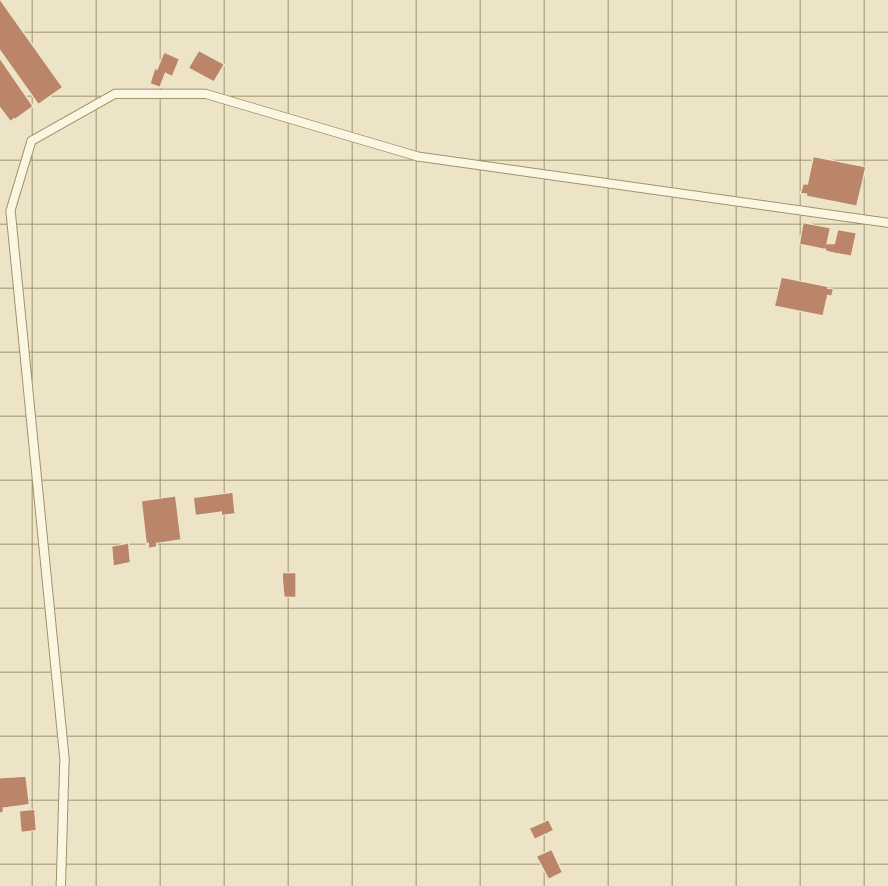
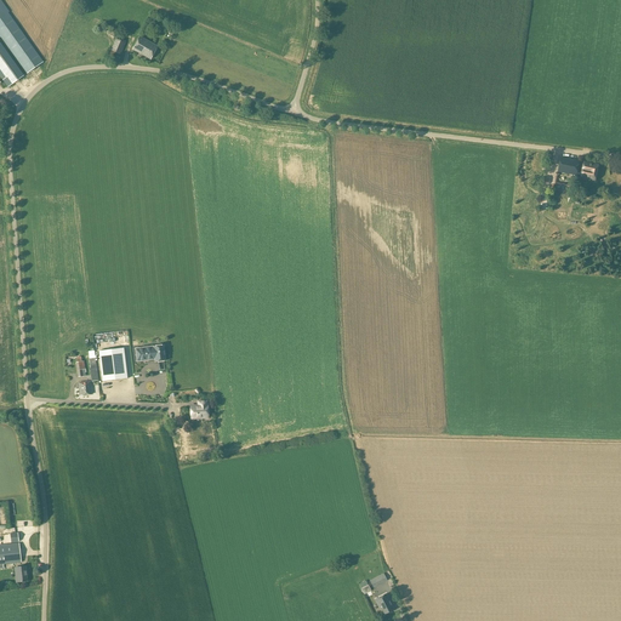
building: [800,157,866,206] -> none
building: [774,277,834,316] -> none

